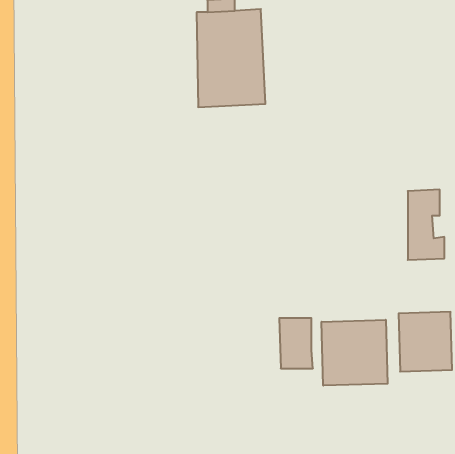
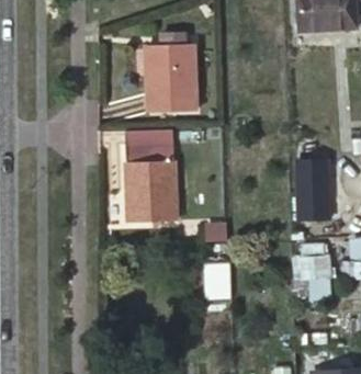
building: none -> [123,125,172,218]
building: [322,320,388,386] -> none

